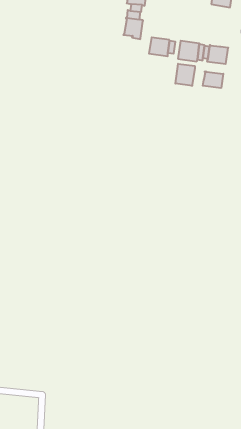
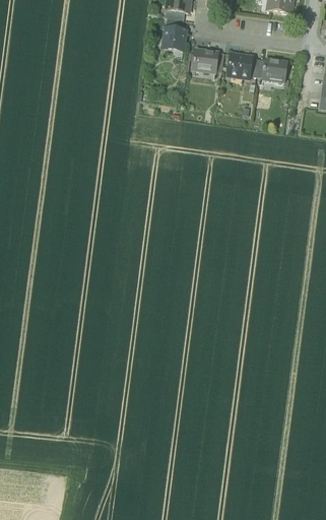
building: [175,64,195,86] -> none
building: [203,71,223,88] -> none

